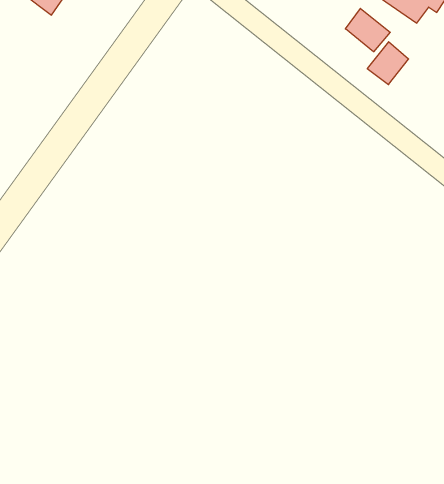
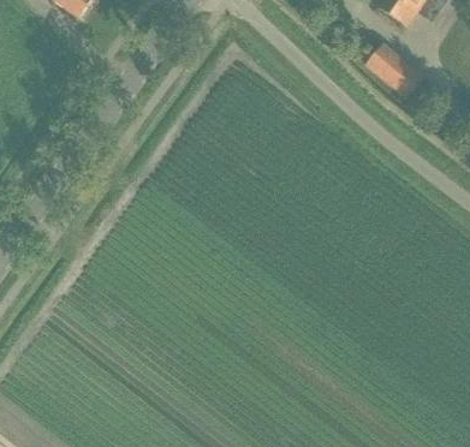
building: [345,8,390,52] -> none

